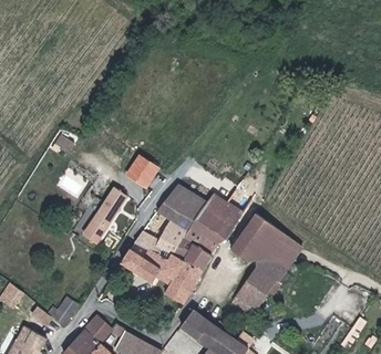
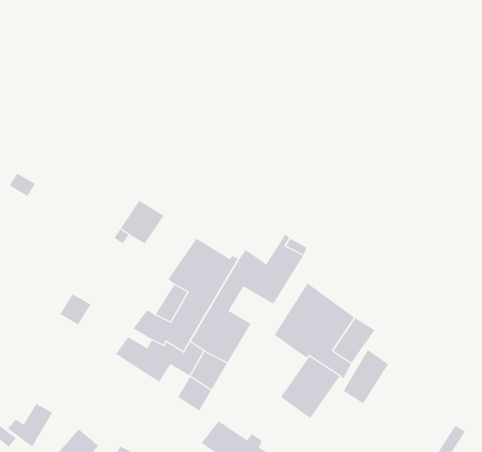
building: [91,190,124,231] -> none
building: [200,219,231,244] -> none
building: none -> [343,349,389,404]

